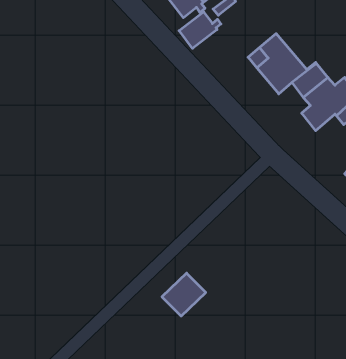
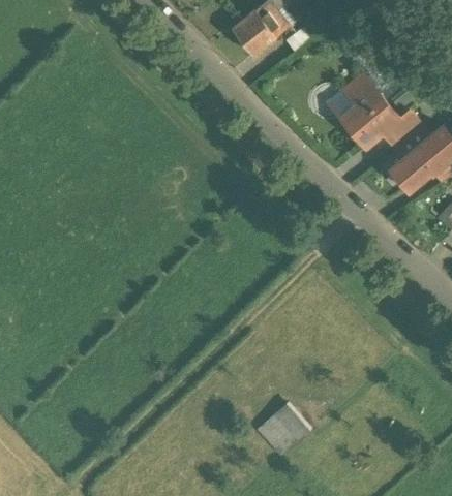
building: [179,12,221,48] -> none
building: [162,273,206,316] -> [259,403,310,454]

